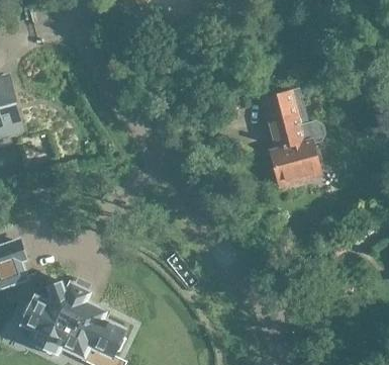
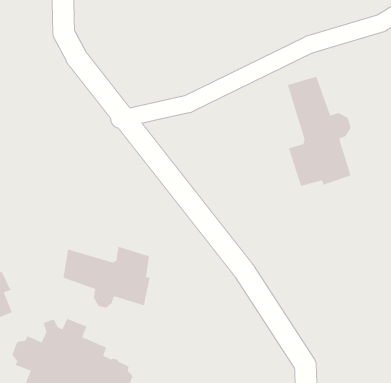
building: none -> [62,246,150,309]

